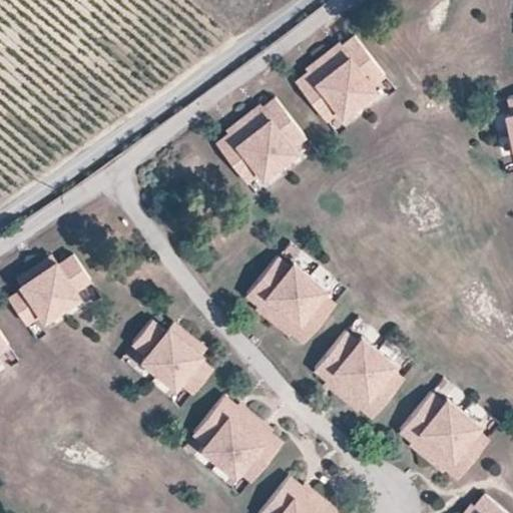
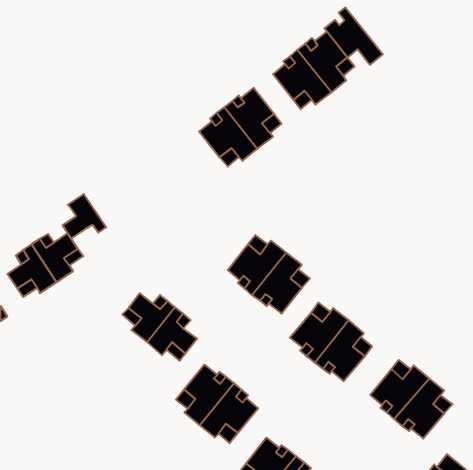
building: none -> [324,7,383,65]
building: none -> [63,194,106,238]

